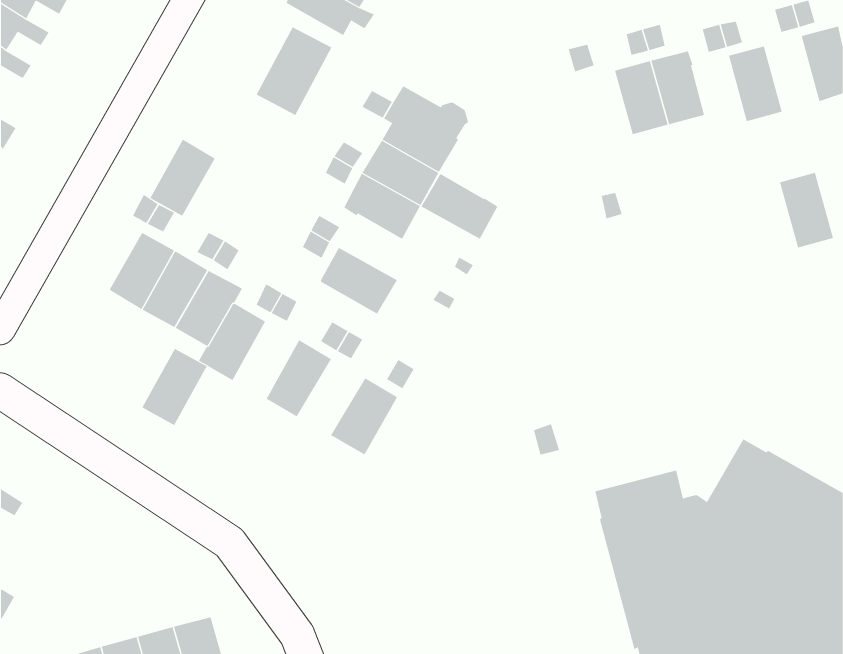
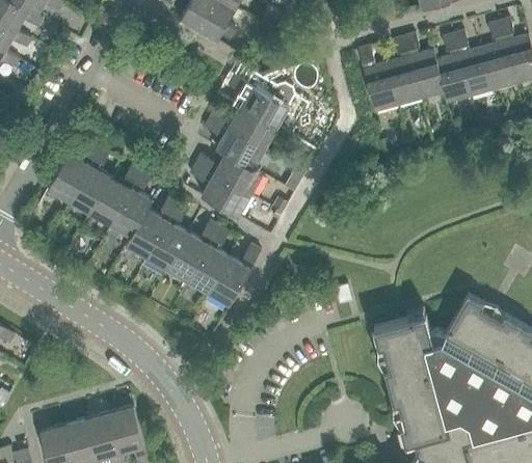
building: [256,26,332,116] -> none
building: none -> [435,54,470,102]
building: none -> [363,63,398,110]
building: [150,139,216,216] -> [48,153,89,201]
building: [779,172,834,248] -> [481,42,515,89]
building: [421,174,498,240] -> [213,154,262,195]
building: [141,348,207,426] -> [147,221,188,270]
building: none -> [187,245,230,293]

